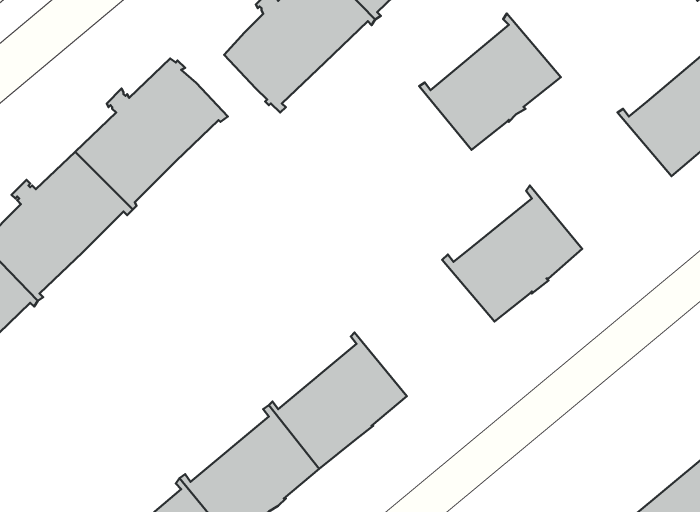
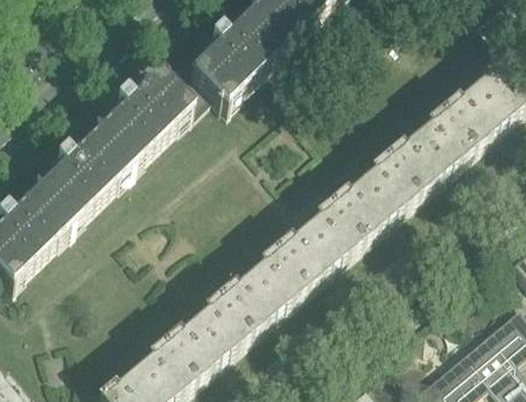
building: [419,14,561,150] -> [380,109,470,196]
building: none -> [168,72,206,111]
building: none -> [269,203,358,289]

